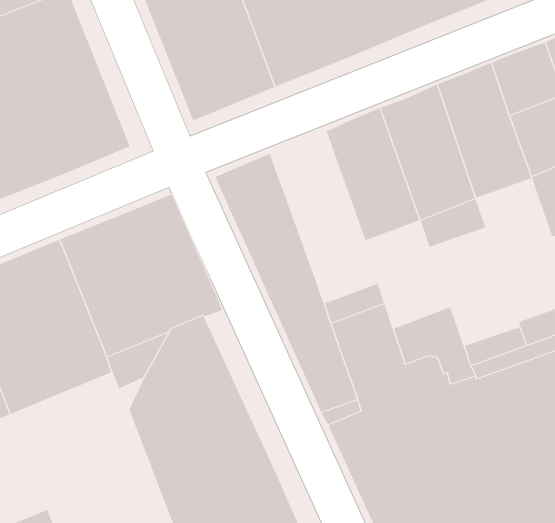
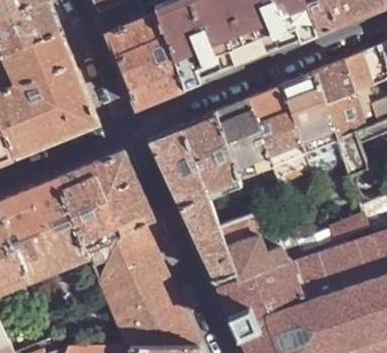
building: none -> [182,115,241,201]

